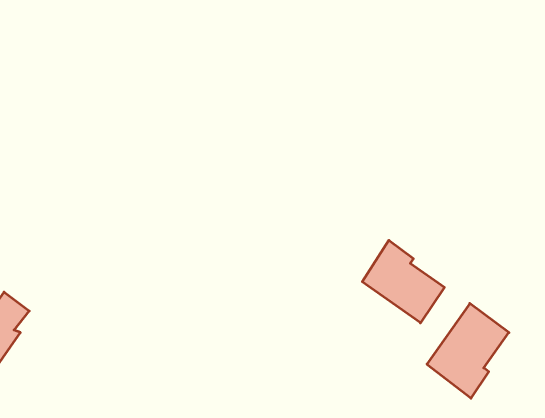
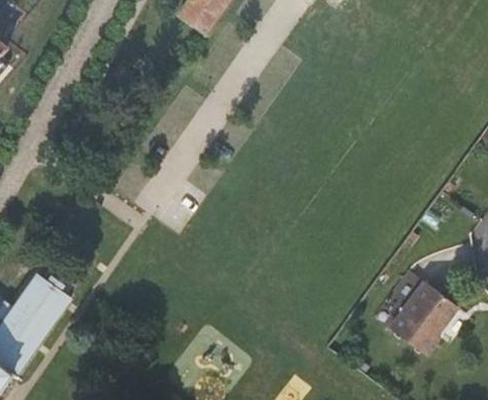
building: [362,240,444,323] -> none

